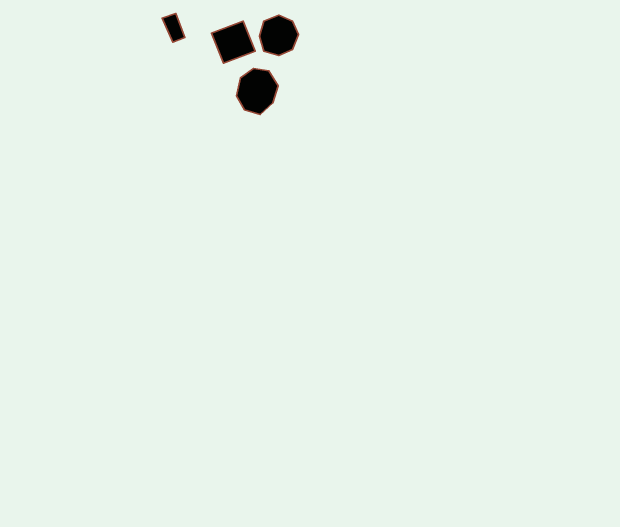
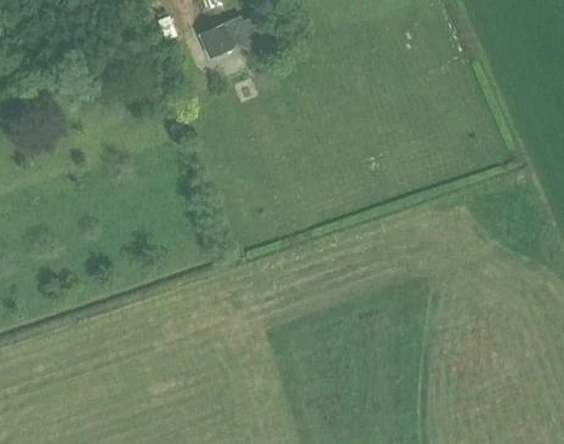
building: [237,69,278,114] -> none

